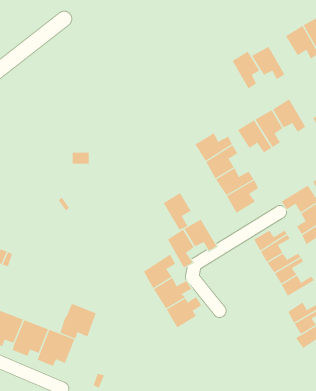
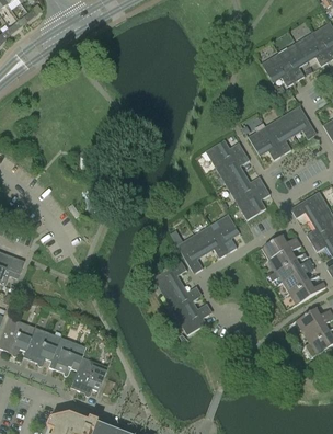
building: [232,51,260,89] -> [279,42,308,80]
building: [163,192,191,230] -> [211,214,240,252]
building: [59,303,97,339] -> [69,356,106,392]

